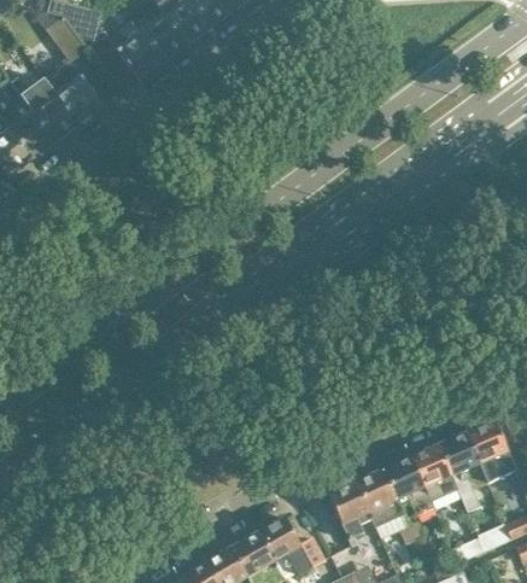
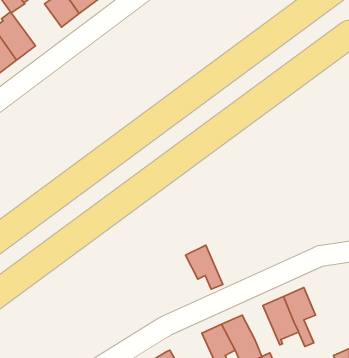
building: [463,418,514,479] -> none
building: [380,454,431,513] -> [185,245,223,289]

